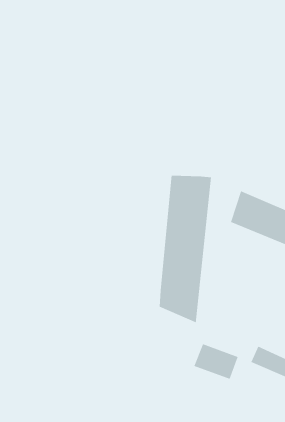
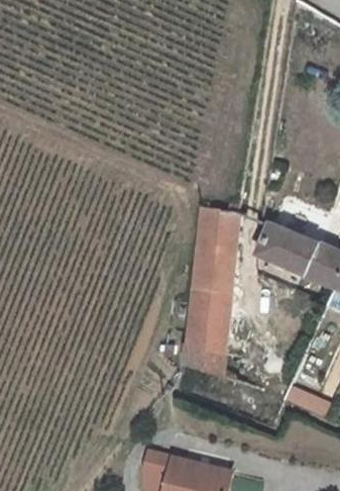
building: none -> [186,339,225,384]

